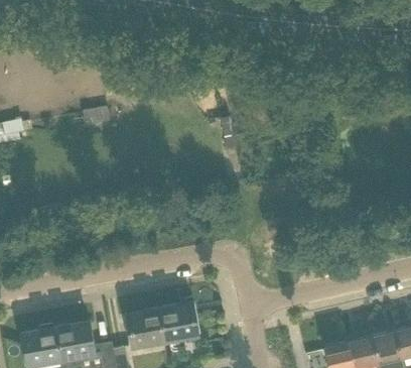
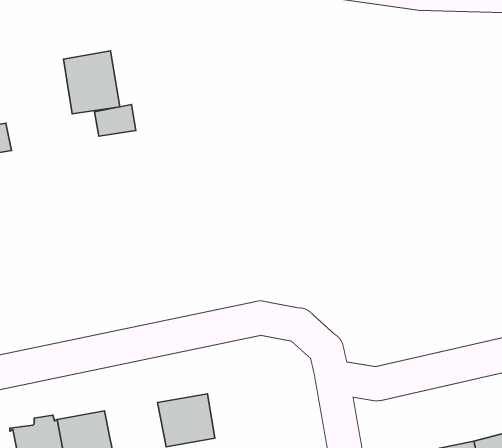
building: none -> [63,51,120,114]
building: [161,303,198,341] -> none

